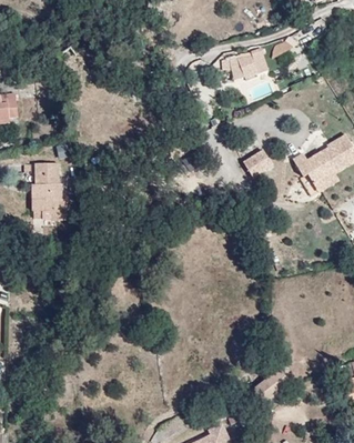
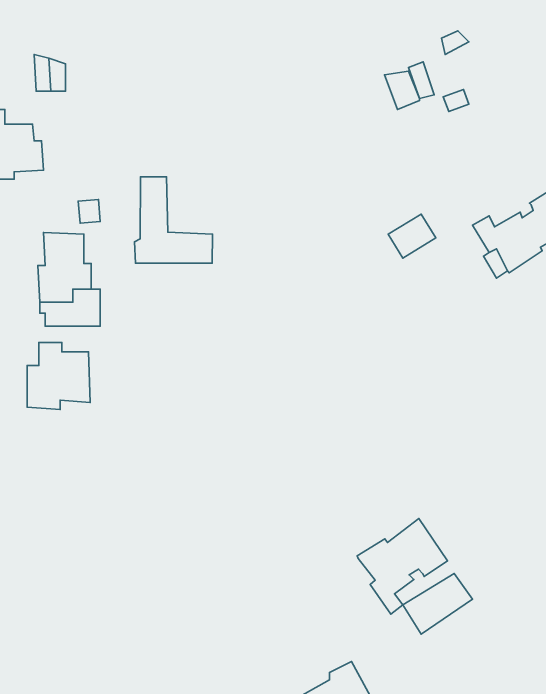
building: none -> [135,177,212,263]
building: none -> [27,342,90,409]
building: none -> [357,519,448,614]

